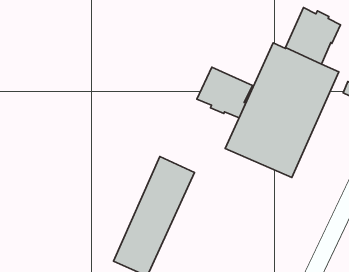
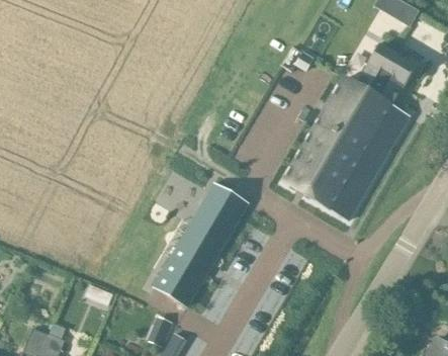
building: [197,67,252,118] -> none

